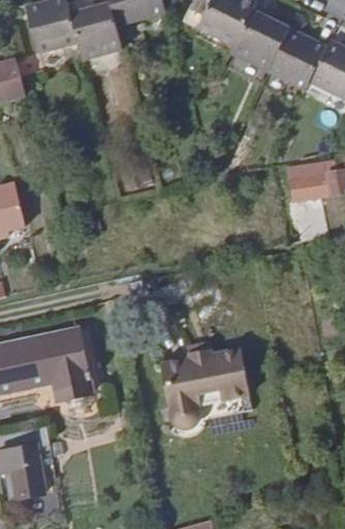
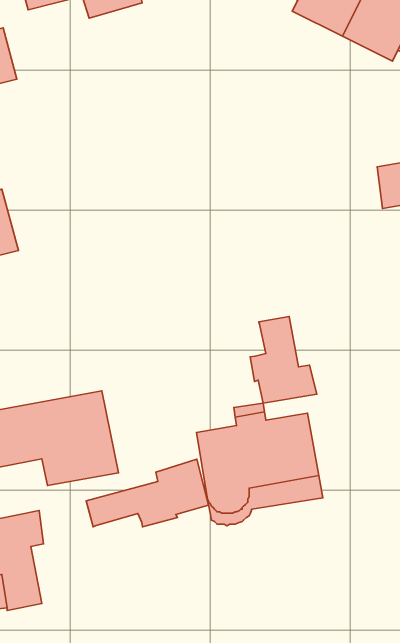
building: none -> [250,316,317,403]
building: none -> [86,459,209,527]

